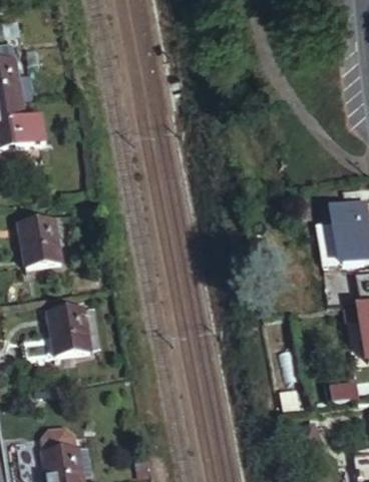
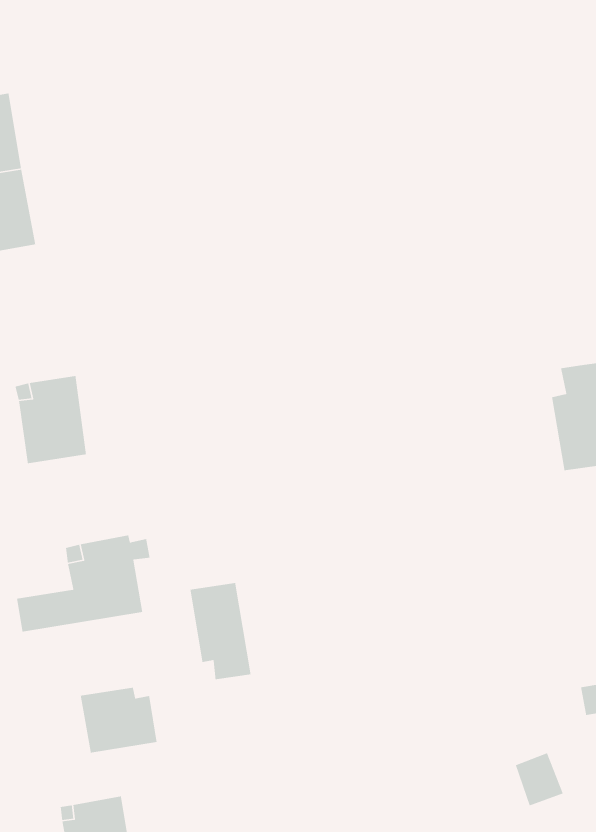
building: none -> [190,582,251,680]
building: none -> [80,687,158,753]

